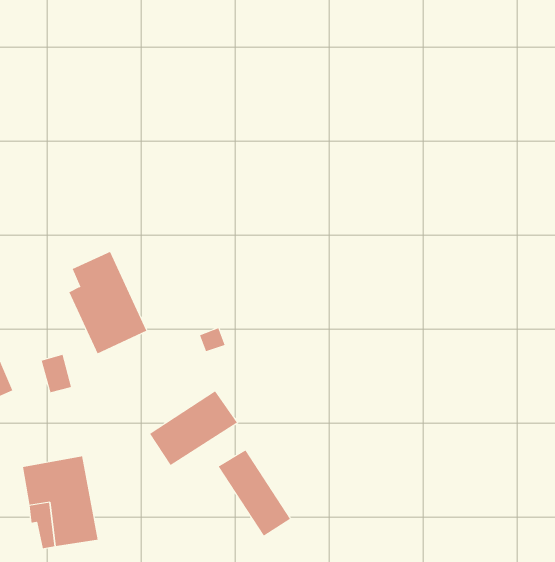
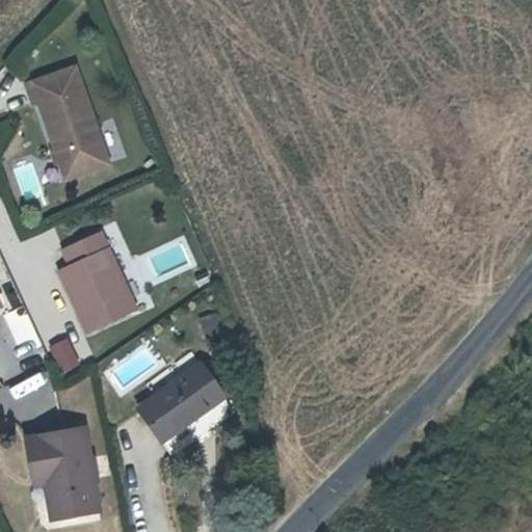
building: none -> [29,65,109,176]
building: [218,450,291,537] -> none

